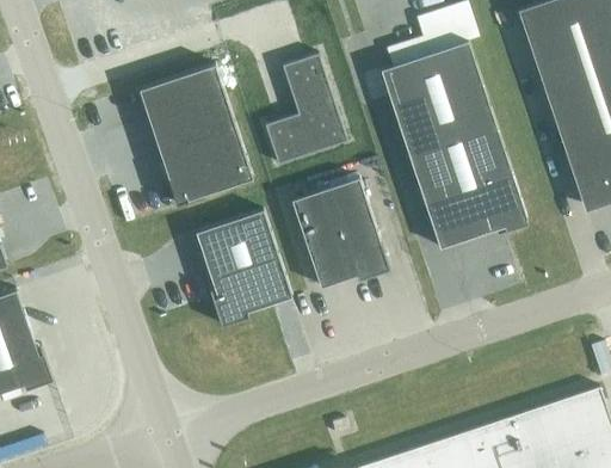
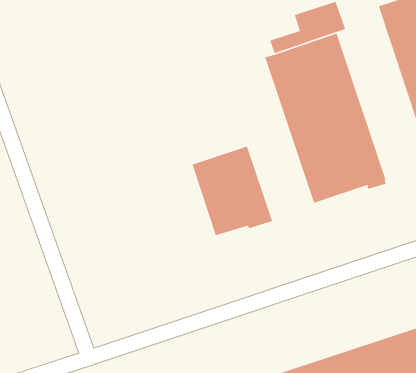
building: [265,54,347,165] -> none
building: [138,64,253,204] -> none
building: [195,210,292,326] -> none

